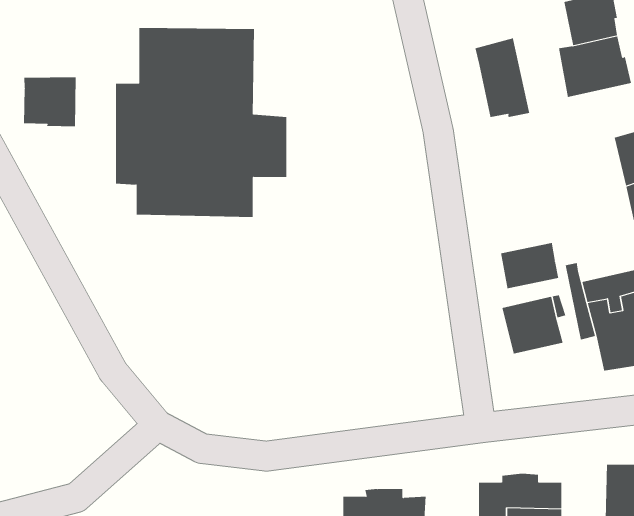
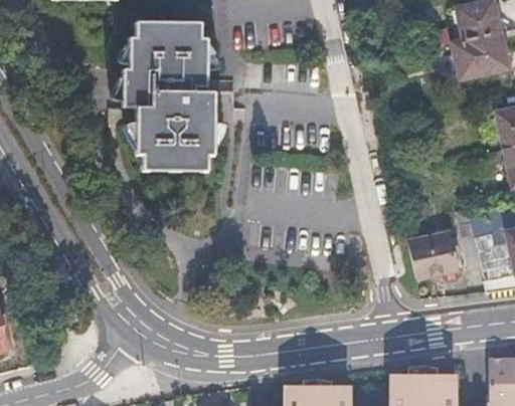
building: [475,37,530,118] -> none
building: [23,76,76,127] -> none
building: [501,242,559,289] -> none

